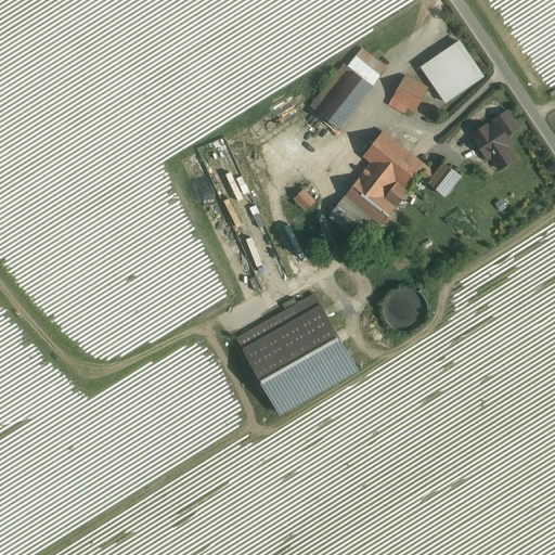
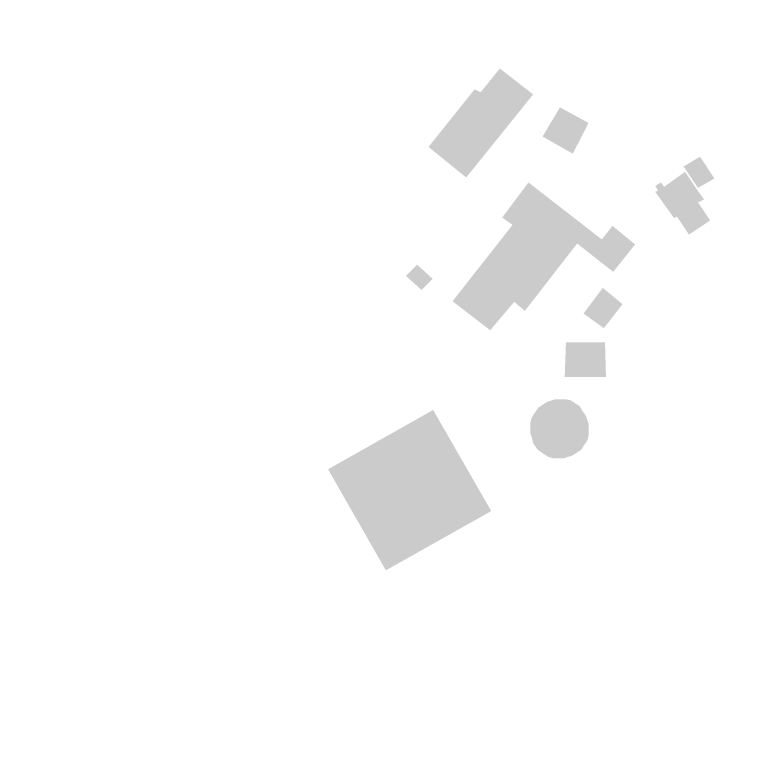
building: [421,42,482,103] -> none
building: none -> [582,287,624,329]
building: none -> [564,341,606,378]

